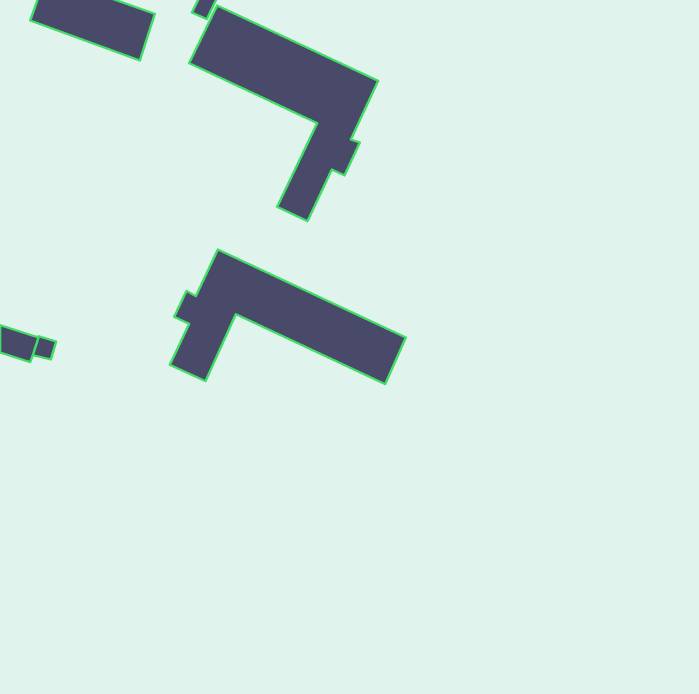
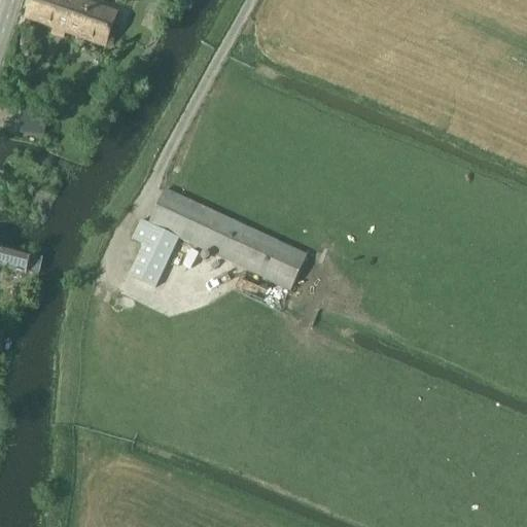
building: [189,6,378,221] -> none

